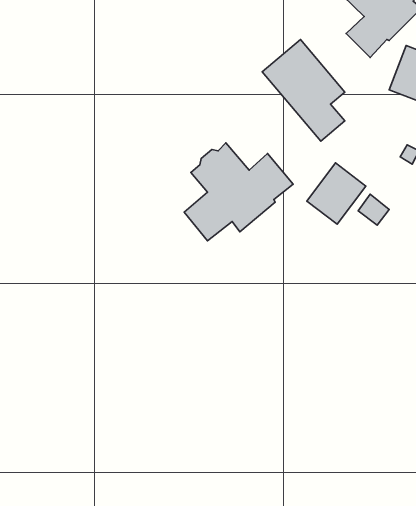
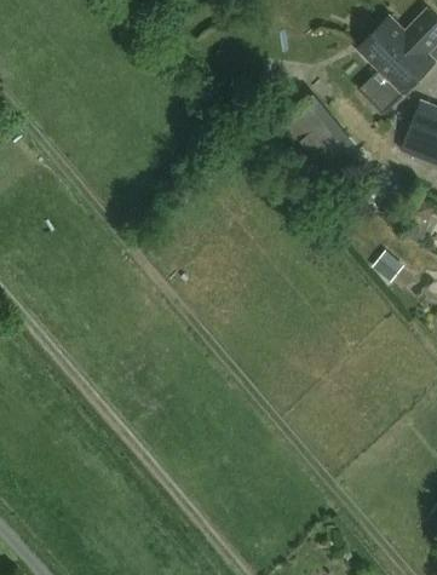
building: [184,143,293,241] -> none
building: [307,163,366,224] -> none

